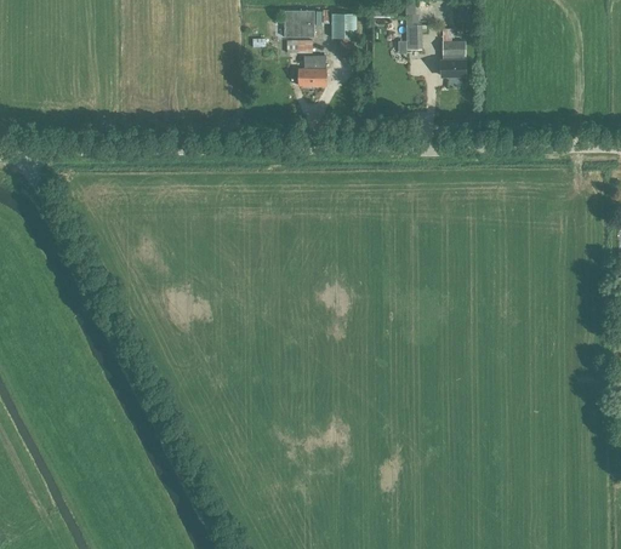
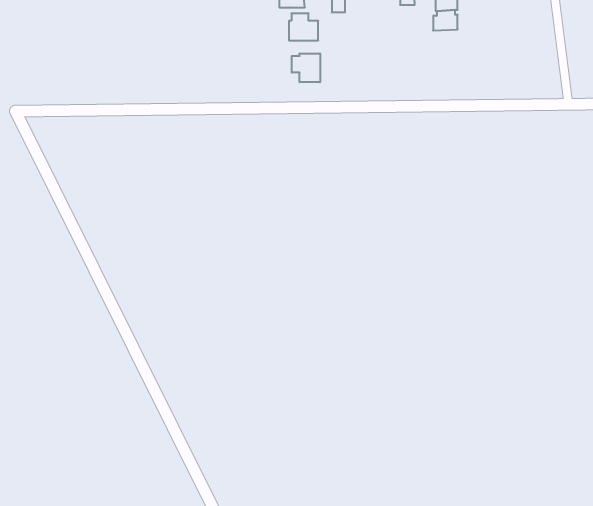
building: none -> [292,53,320,82]

